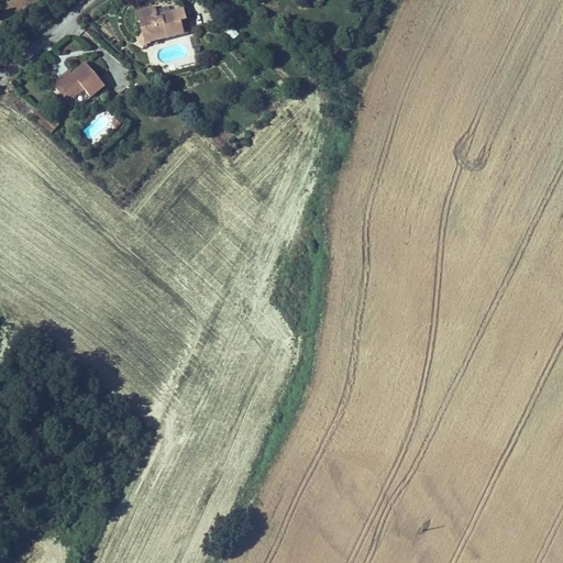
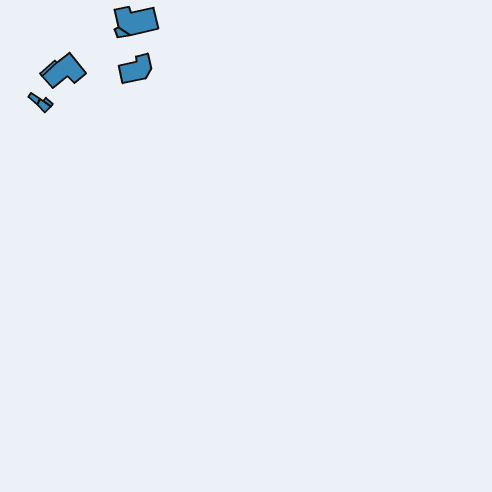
building: none -> [119,53,151,83]

